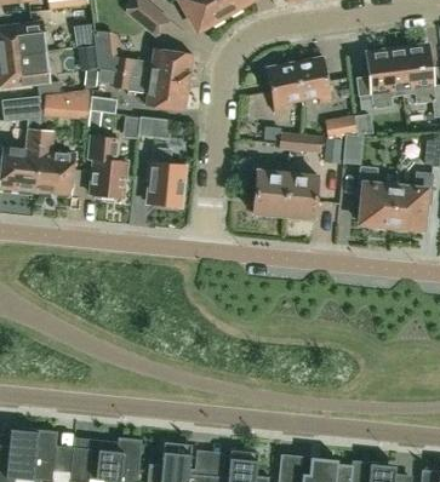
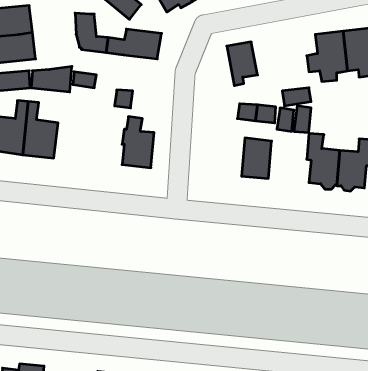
building: [293,56,330,103] -> none
building: [98,70,187,109] -> none
building: [87,133,126,199] -> none
building: [252,168,286,214] -> none

